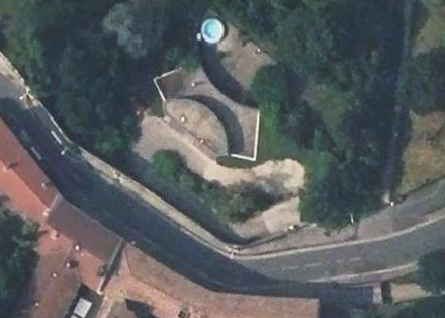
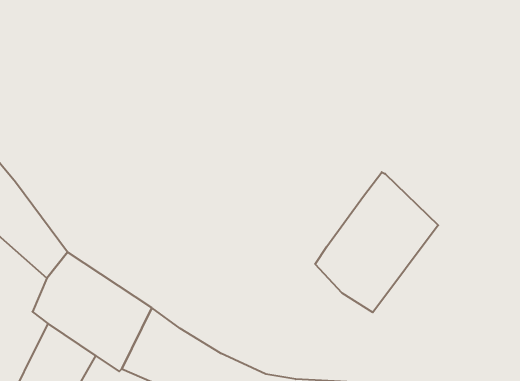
building: [149,59,257,158] -> none
building: none -> [315,172,438,312]

